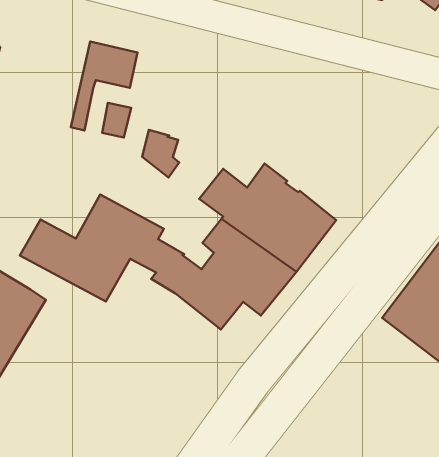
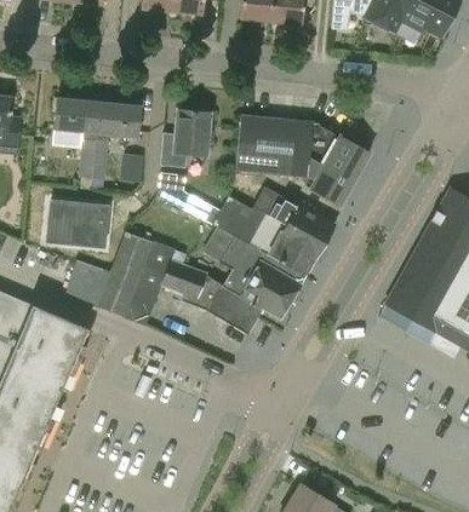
building: none -> [51,98,98,178]
building: none -> [160,110,210,167]
building: none -> [236,115,370,206]
building: none -> [46,201,107,246]

